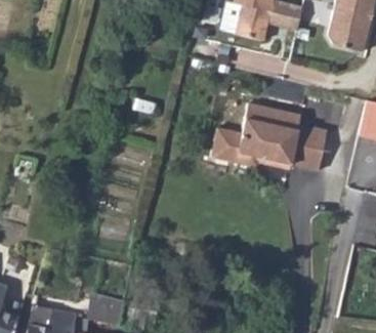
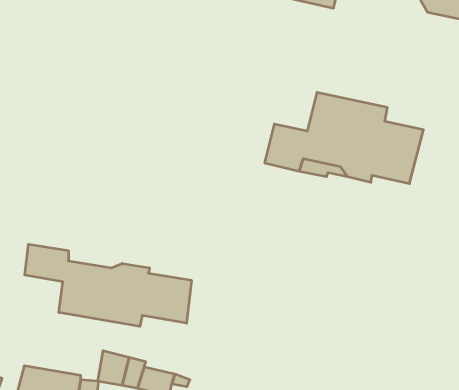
building: none -> [25,244,191,326]

